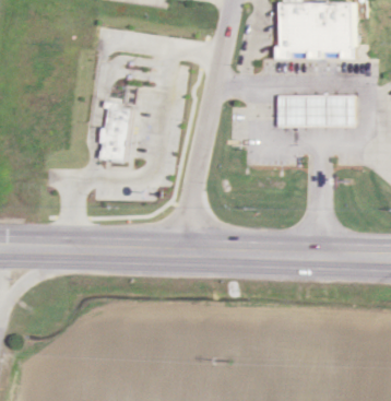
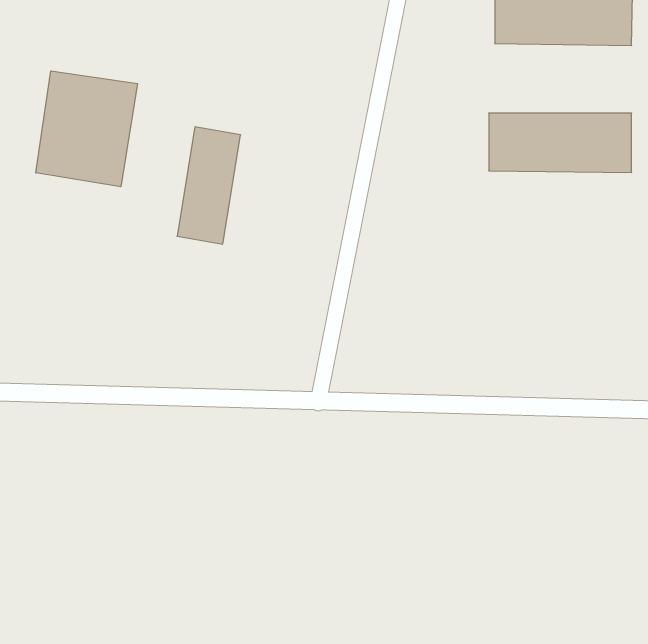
building: none -> [36,71,138,187]

